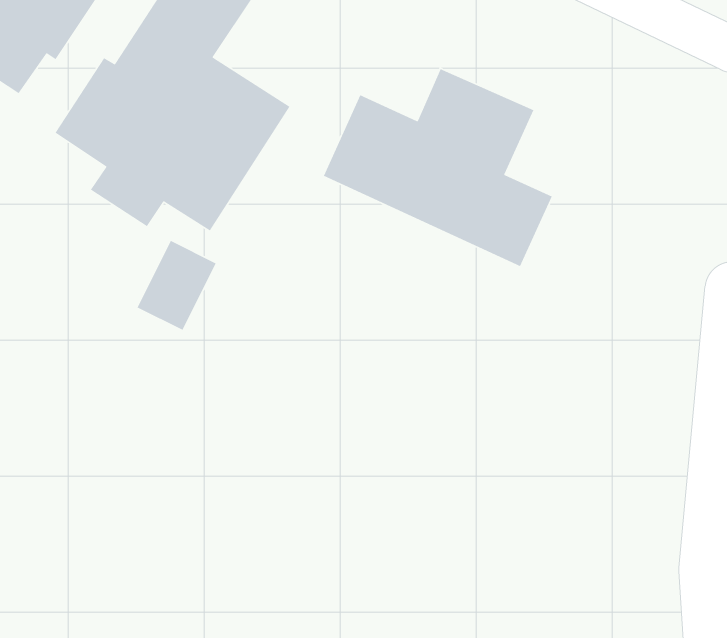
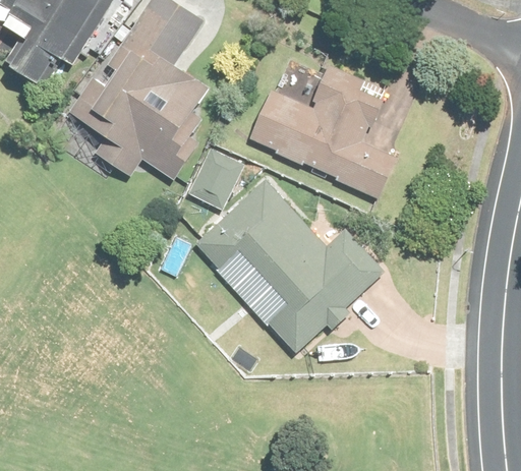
building: none -> [192,180,387,352]
building: [137,240,217,331] -> [189,148,242,208]

